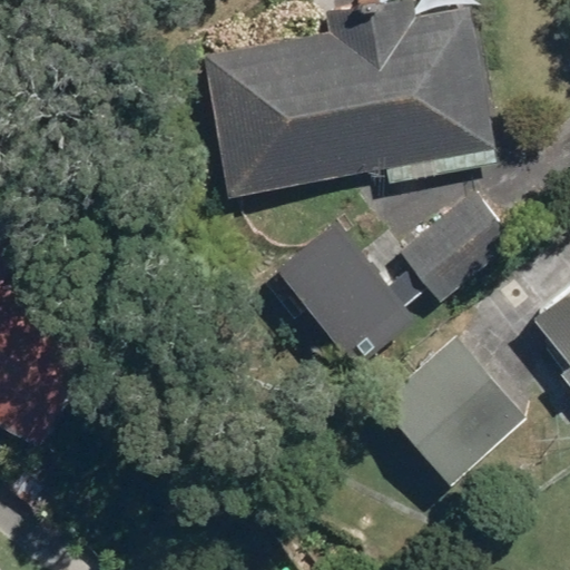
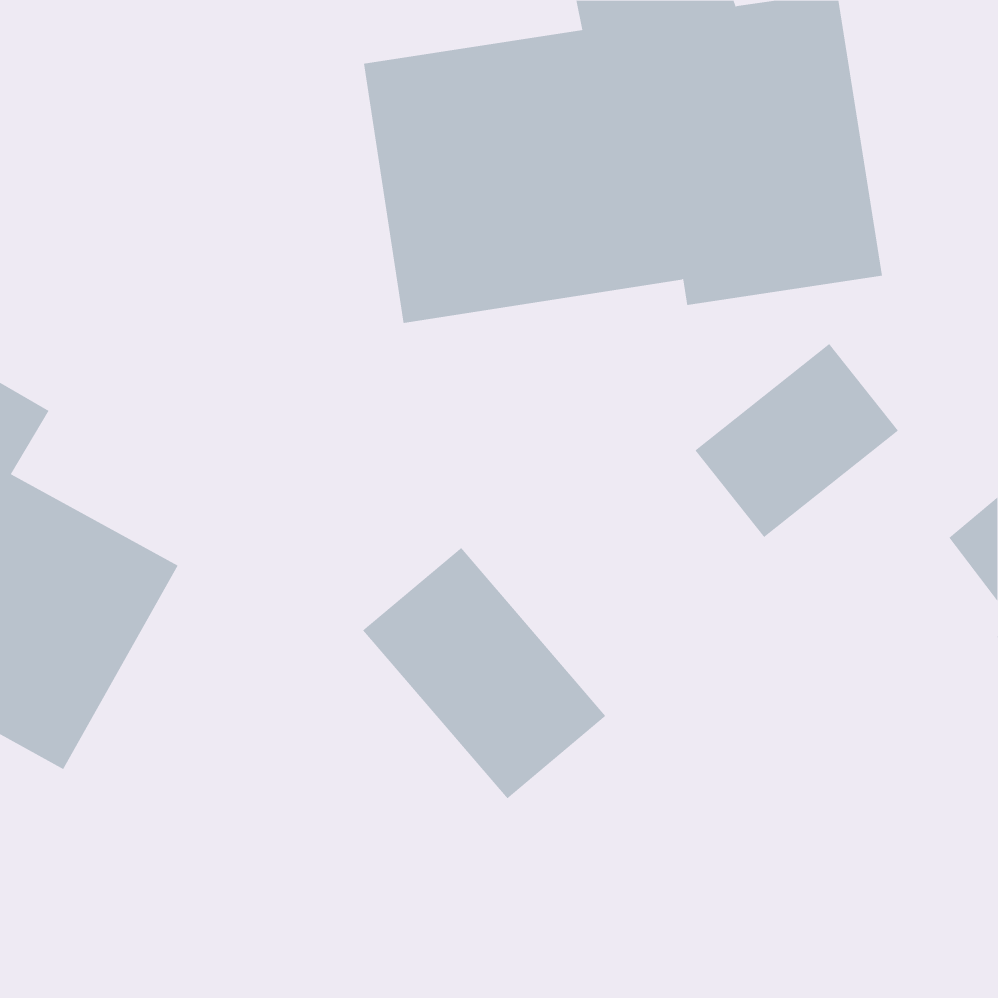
building: [268,234,405,375] -> [362,547,606,799]
building: [383,338,523,480] -> none

